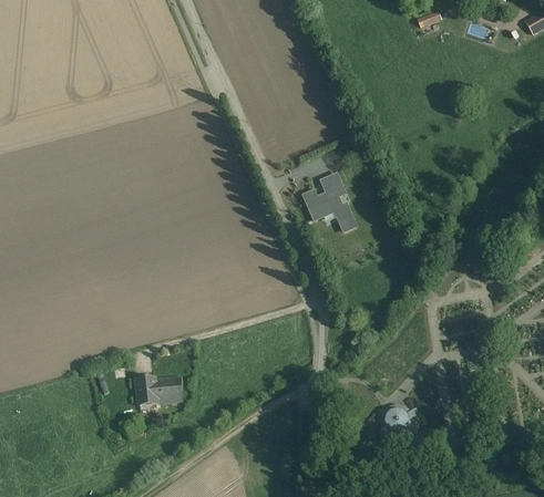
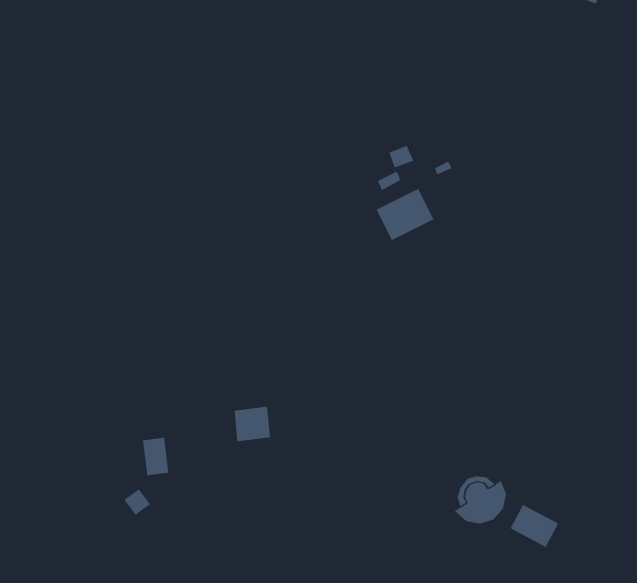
building: [153,374,182,402] -> [234,406,271,442]
building: none -> [510,504,559,548]

